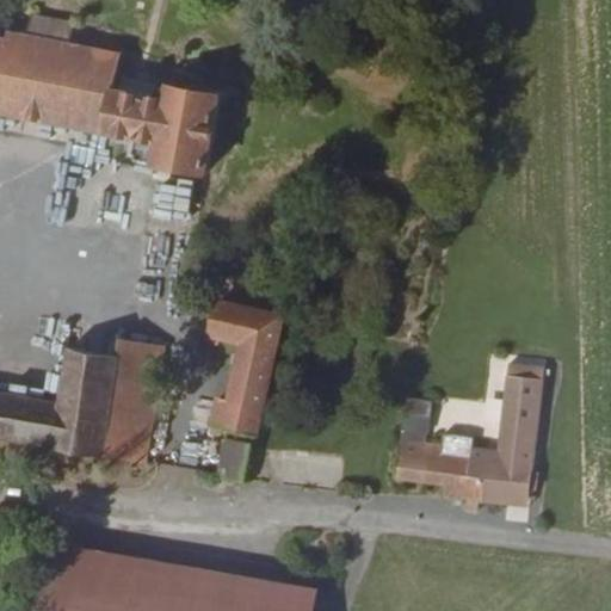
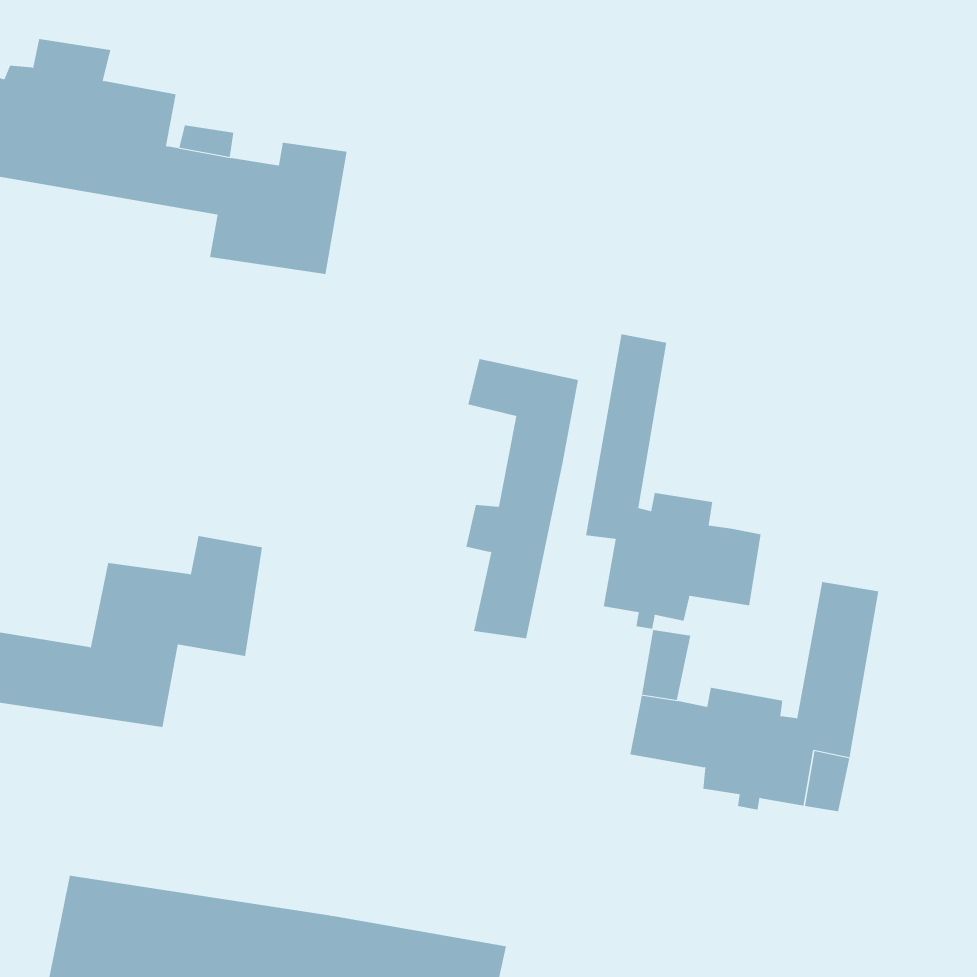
building: none -> [586,334,761,630]
building: [209,303,279,477] -> [466,359,579,639]
building: [101,403,153,462] -> none

